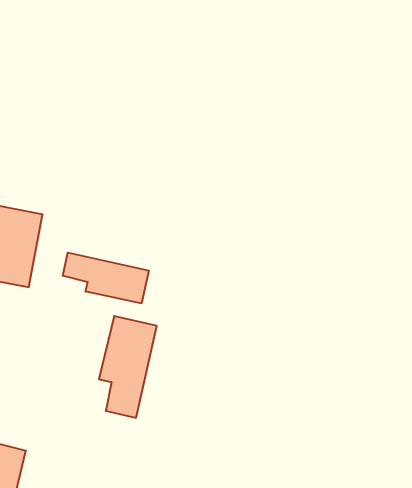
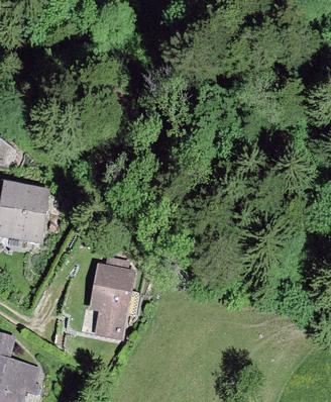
building: [63,253,149,303] -> none

